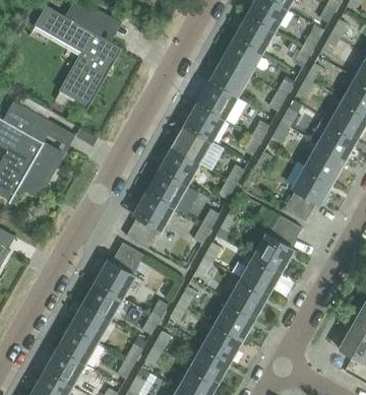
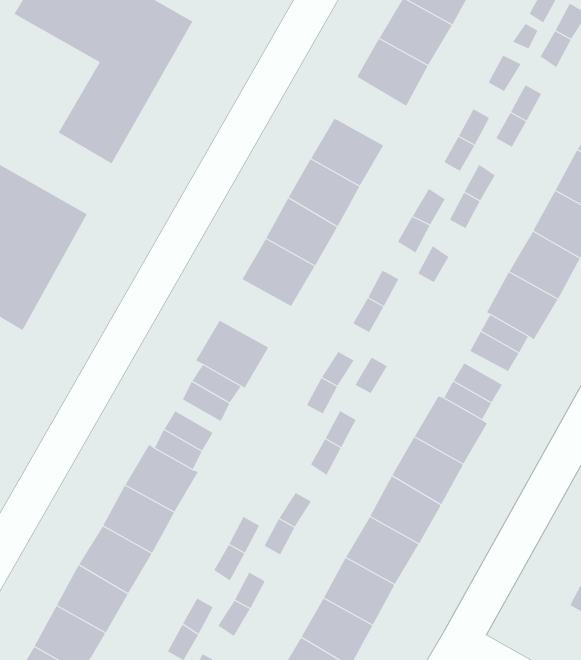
building: [208,60,248,97] -> none
building: [145,171,185,208] -> none

